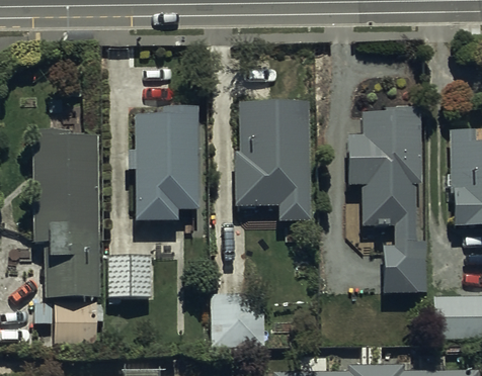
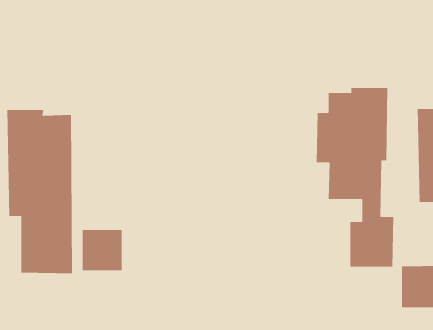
building: [135,108,198,219] -> none
building: [235,110,312,216] -> none
building: [54,302,95,343] -> none

